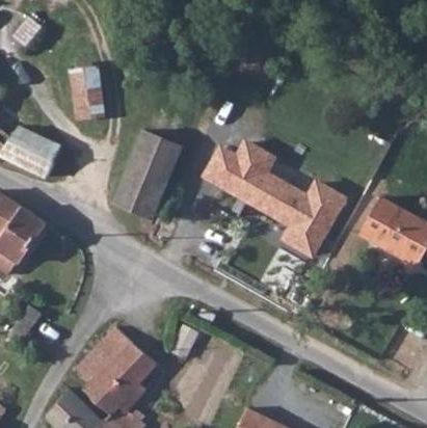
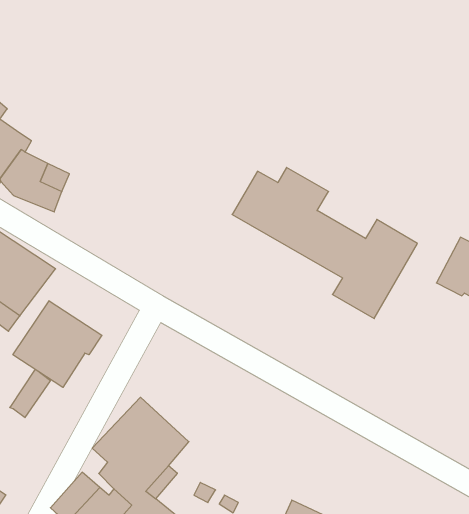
building: [73,64,106,119] -> none
building: [114,130,183,219] -> none
building: none -> [13,301,102,387]

